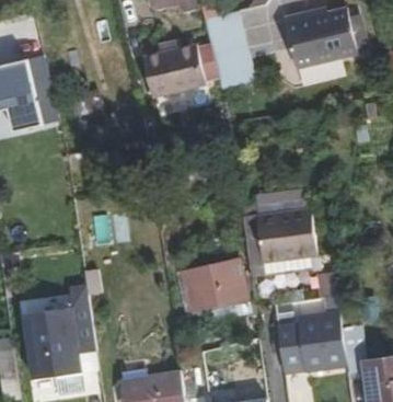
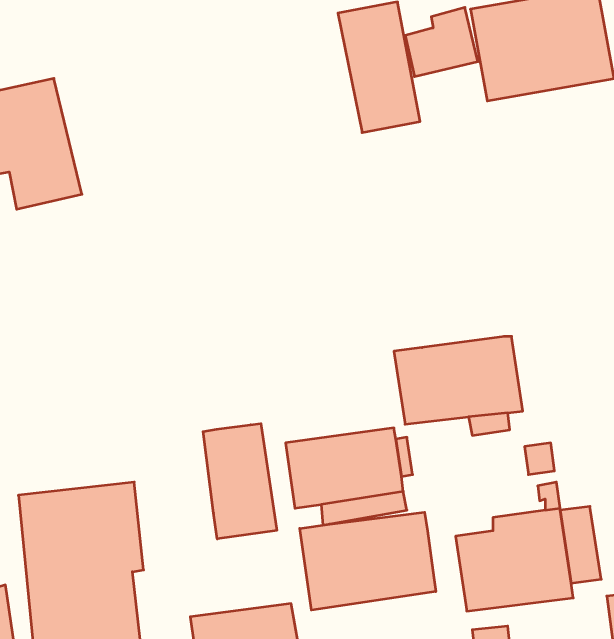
building: [148,44,218,96] -> none
building: none -> [203,424,277,539]
building: none -> [300,512,436,610]

